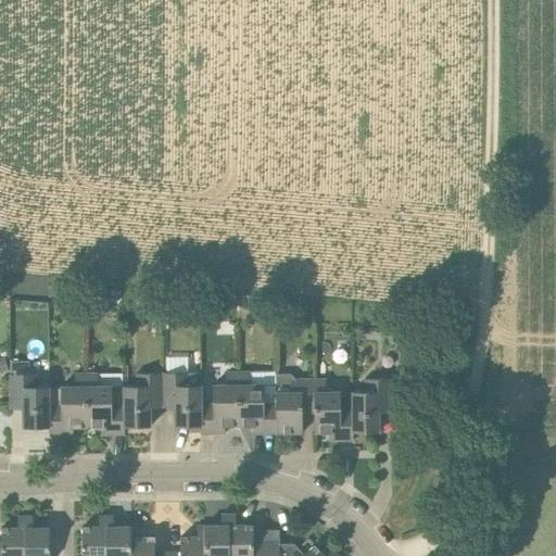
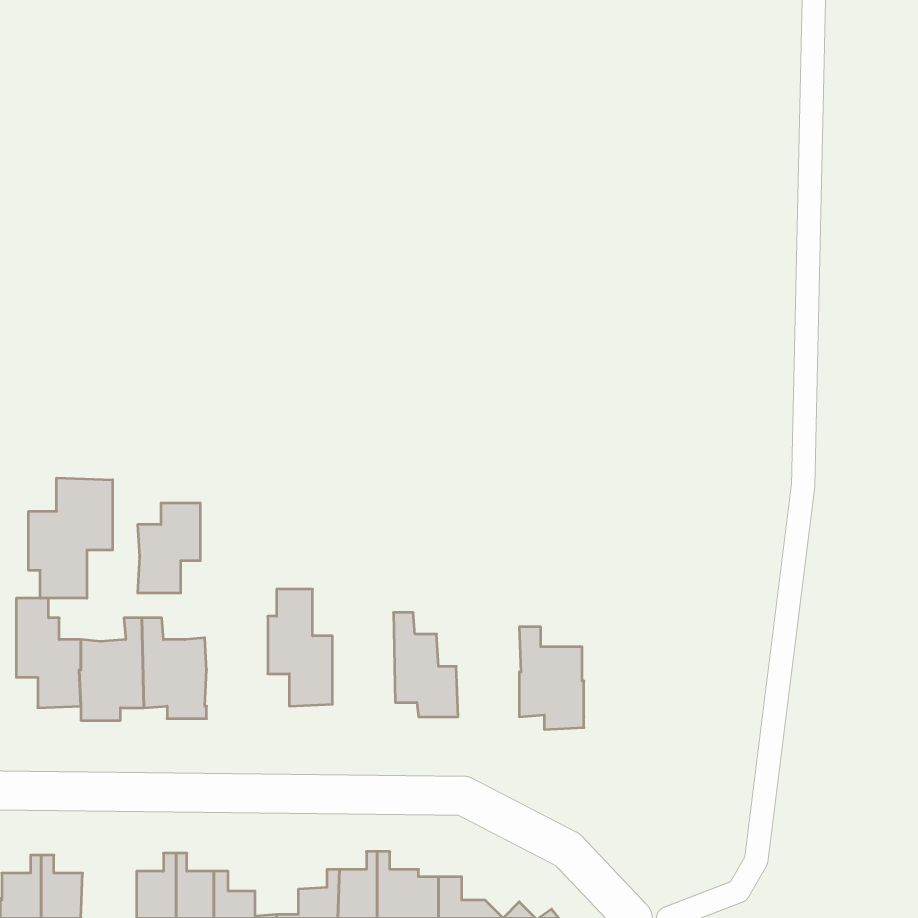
building: none -> [29,478,113,598]
building: [201,370,239,433] -> none
building: [124,372,162,427] -> [138,503,200,593]
building: [275,375,315,433] -> none
building: [352,379,391,433] -> none

